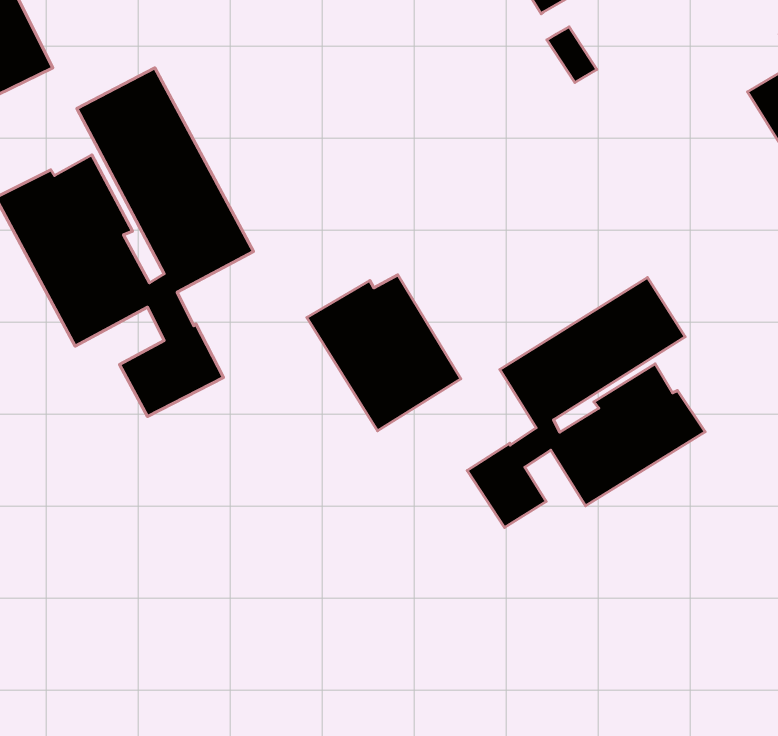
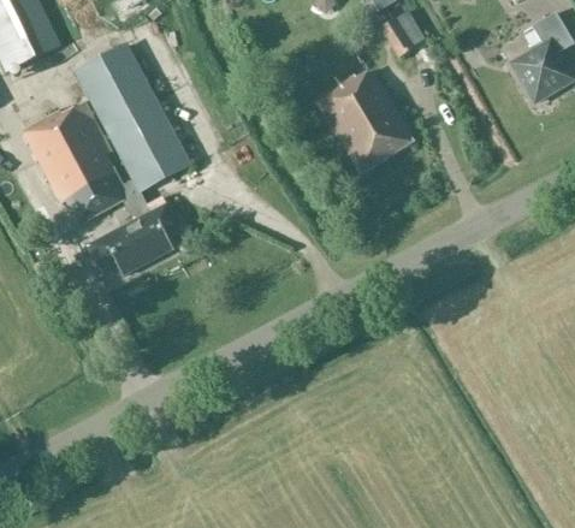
building: [307,275,461,431] -> [314,71,414,172]
building: [467,278,705,528] -> none

